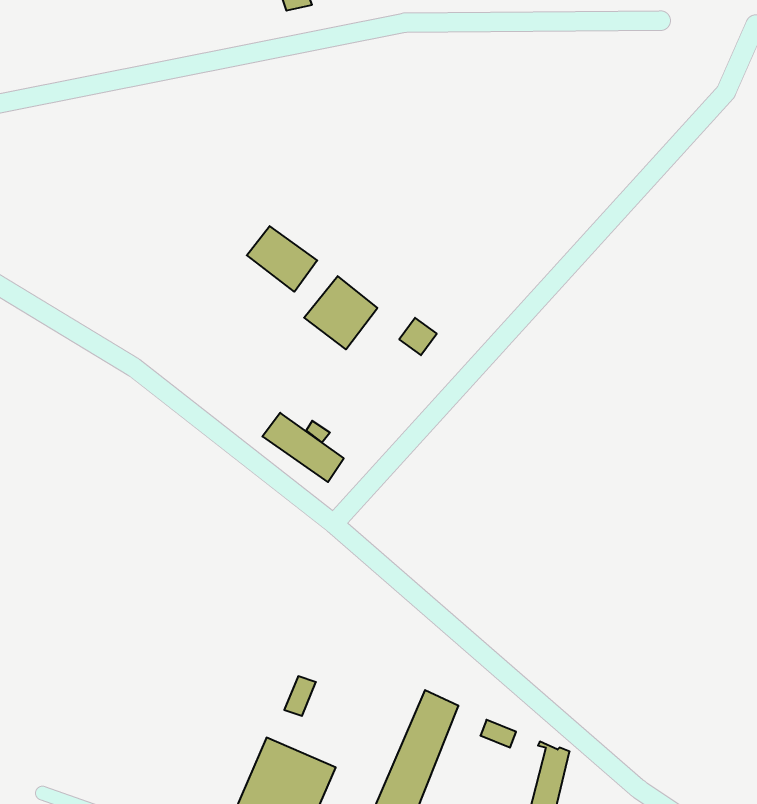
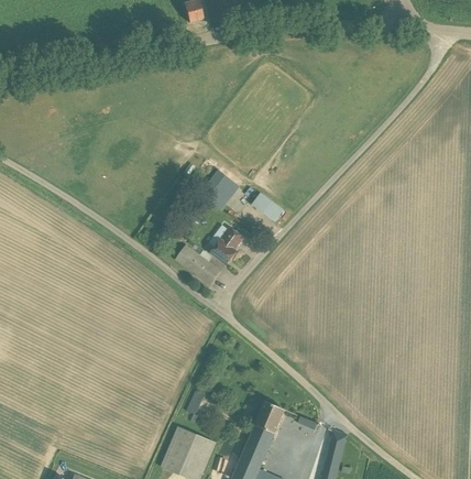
building: [247,226,317,292] -> none
building: none -> [210,227,243,264]

